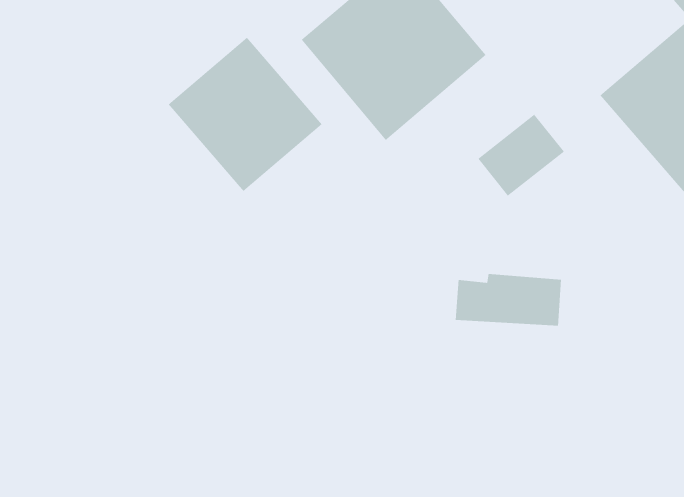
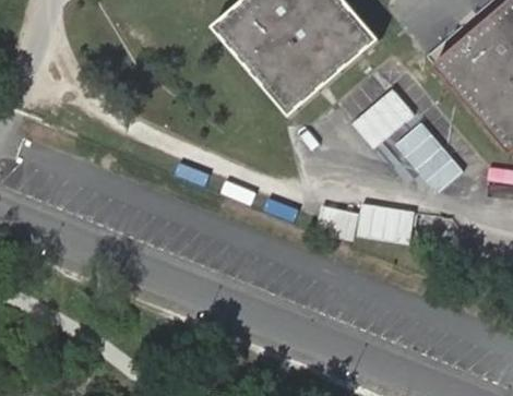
building: [168,37,323,192] -> none
building: none -> [394,118,465,192]

